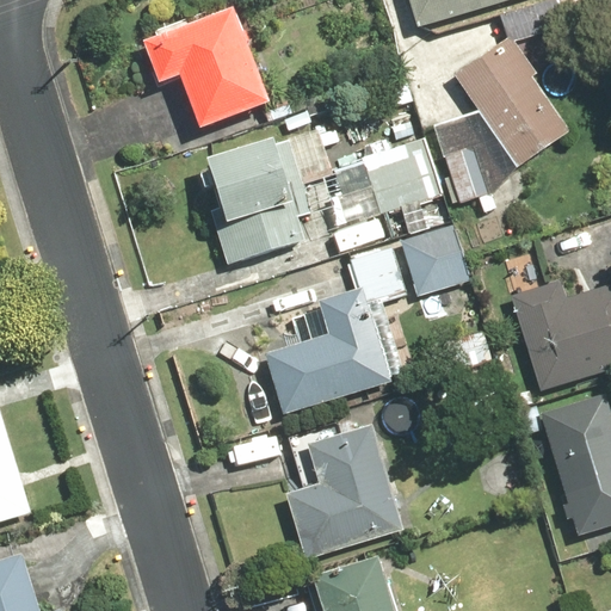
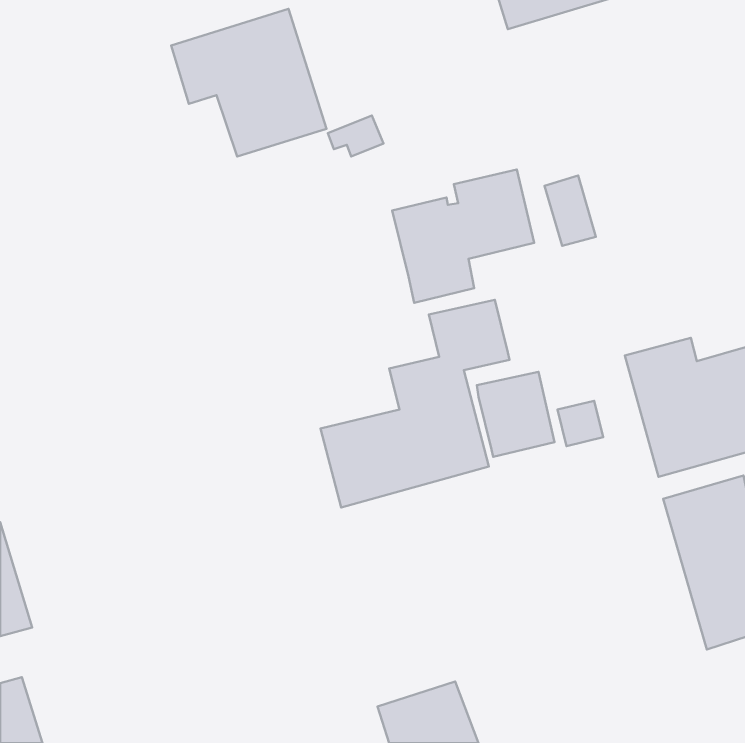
building: [453,36,572,167] -> none
building: [202,125,329,266] -> none
building: [405,224,468,294] -> [477,372,554,457]
building: [286,426,401,557] -> none

